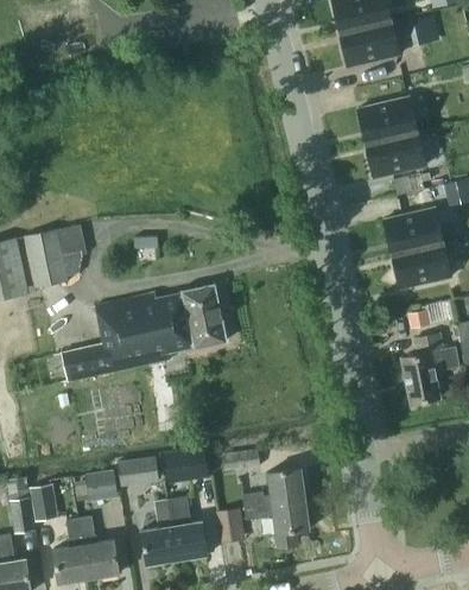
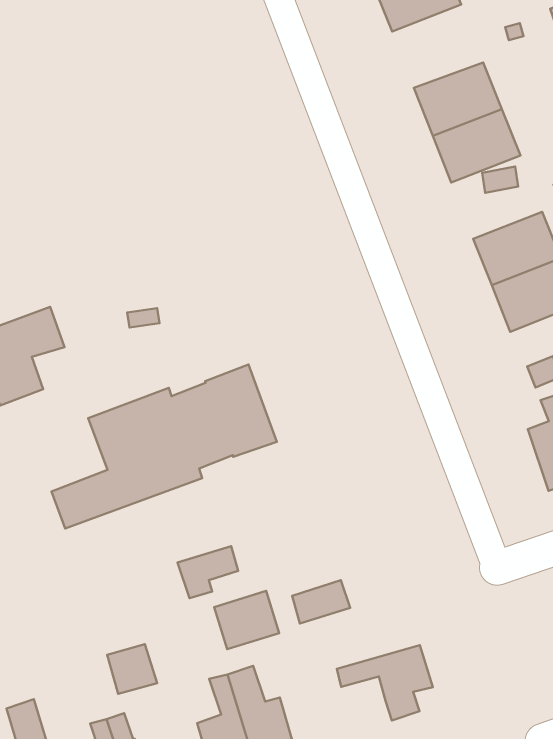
building: [116,456,158,488] -> [178,546,238,598]
building: [242,469,305,507] -> none
building: [30,484,58,521] -> none
building: [216,508,243,543] -> none

